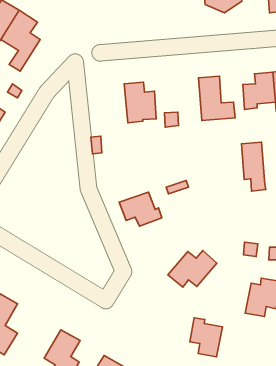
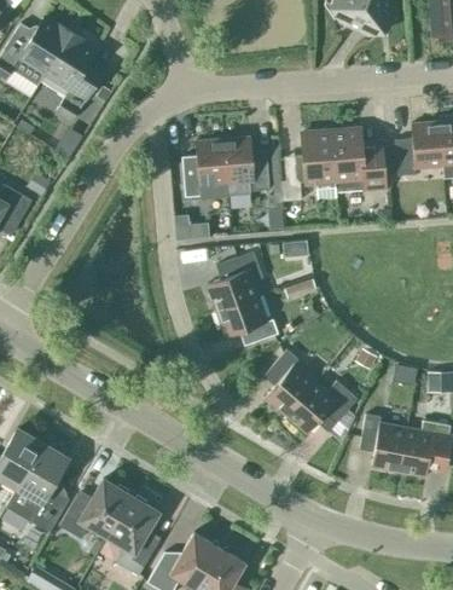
building: none -> [181,138,227,197]
building: [242,142,266,191] -> [301,129,336,201]
building: none -> [207,250,262,310]
building: none -> [262,348,314,415]
building: [190,318,222,357] -> [359,413,406,470]
building: none -> [58,478,130,538]

